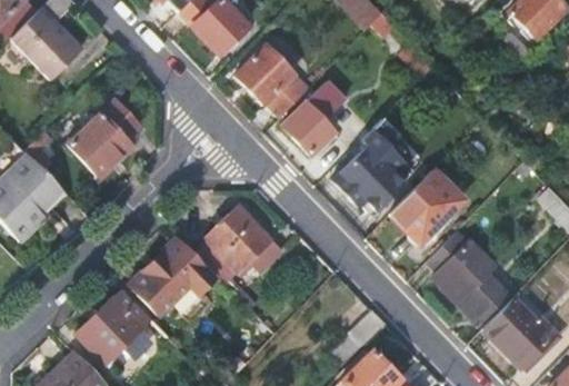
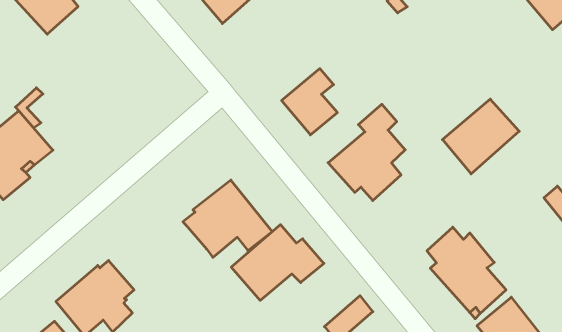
building: [236,43,312,118] -> none
building: [69,99,140,175] -> none
building: [389,171,462,245] -> [442,99,519,174]
building: [131,238,220,313] -> [231,225,324,300]

